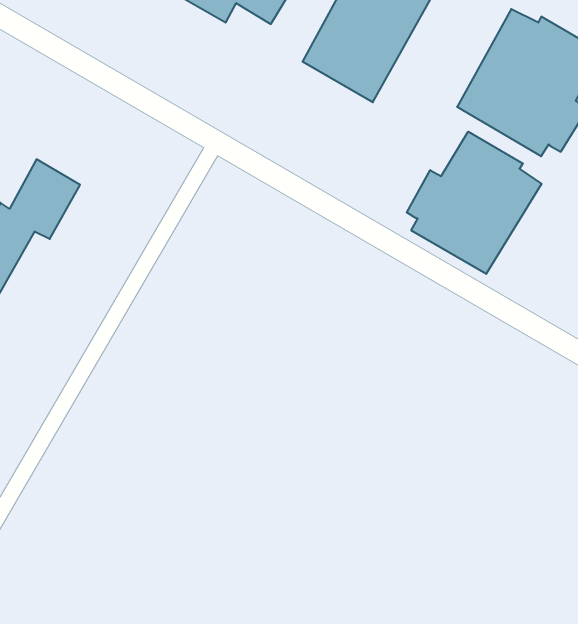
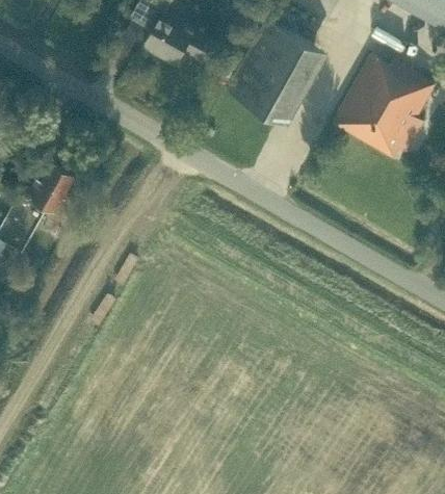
building: [407,132,542,274] -> none

